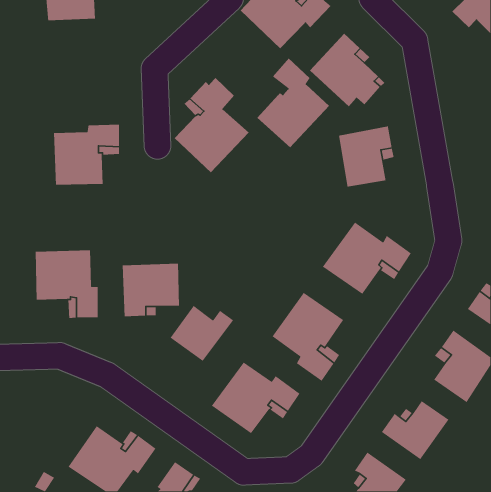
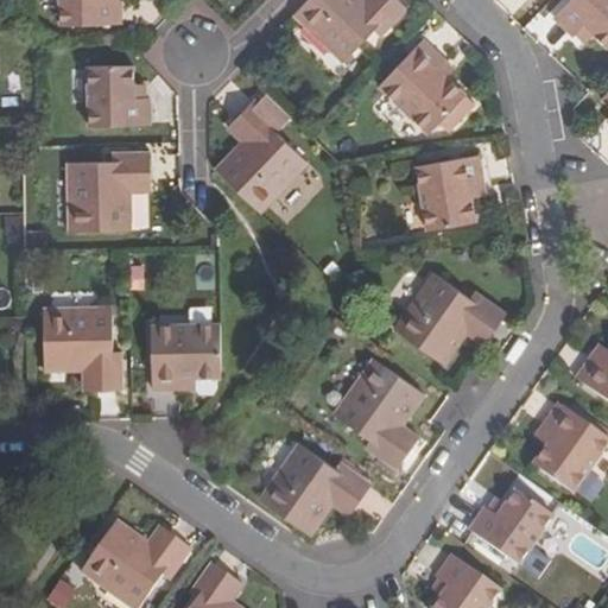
building: none -> [86,65,146,126]
building: [256,58,330,148] -> none
building: [170,305,234,362] -> none

